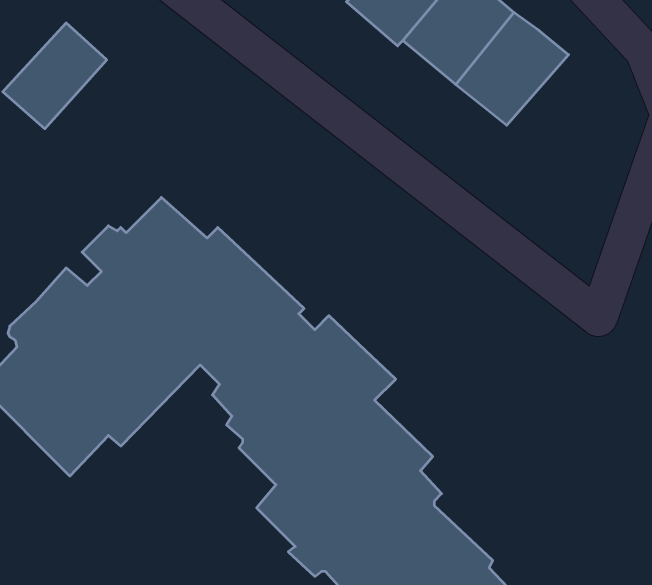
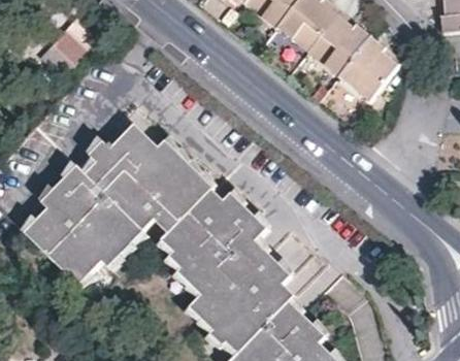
building: none -> [332,36,398,103]

